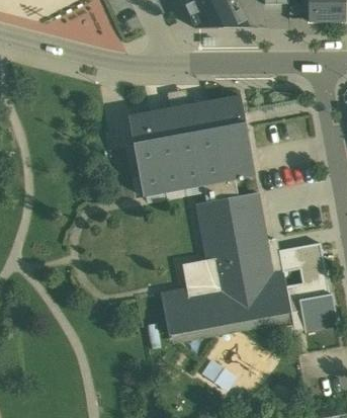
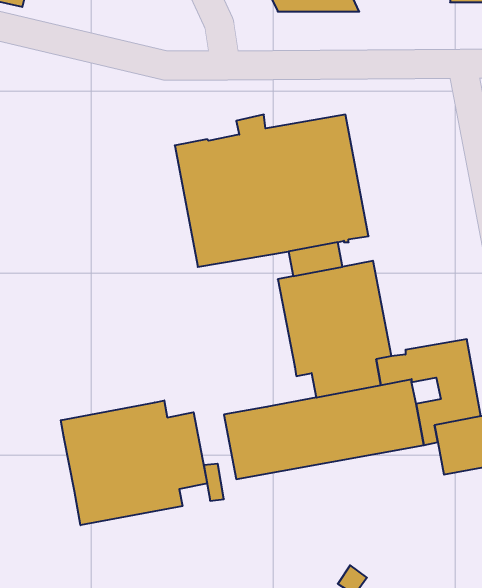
building: [184,261,221,287] -> none
building: none -> [61,400,207,525]

